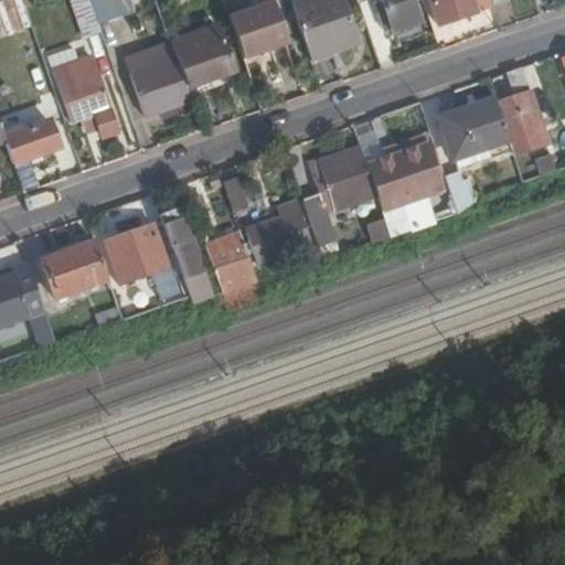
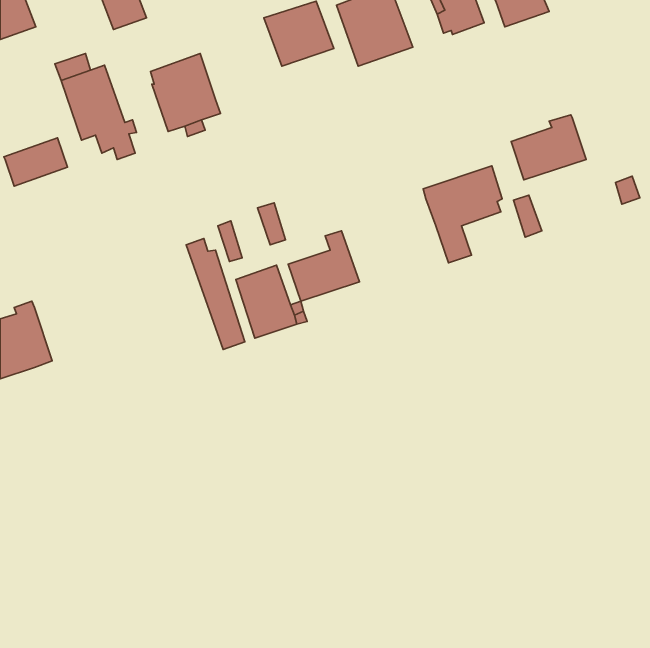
building: [173,25,234,86] -> none
building: [497,66,546,152] -> none
building: [303,146,379,233] -> none
building: [107,223,178,298] -> none
building: [43,239,109,297] -> none

